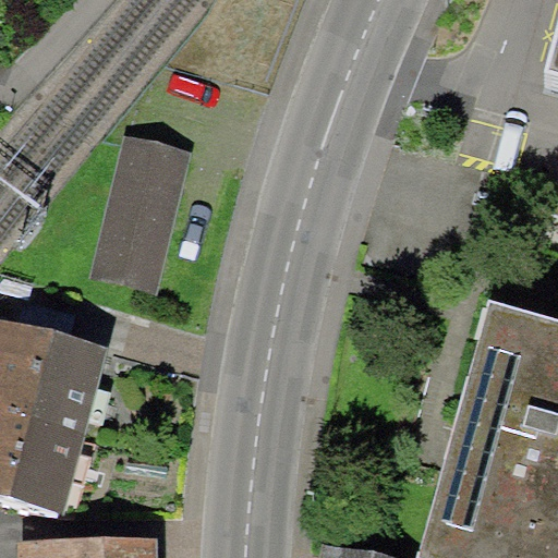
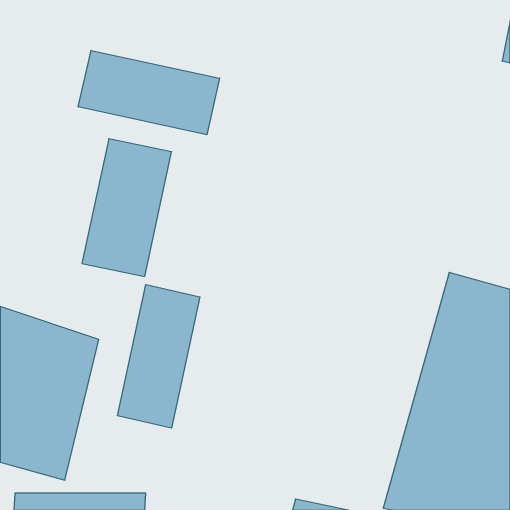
building: none -> [78,50,220,135]
building: none -> [118,285,200,428]

